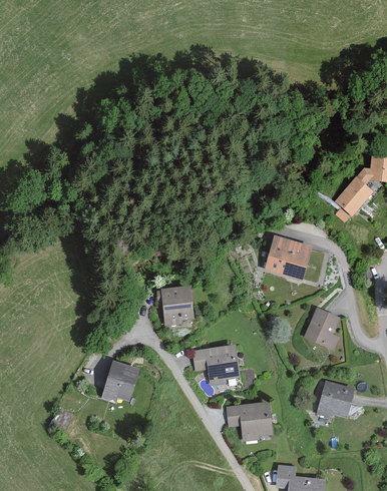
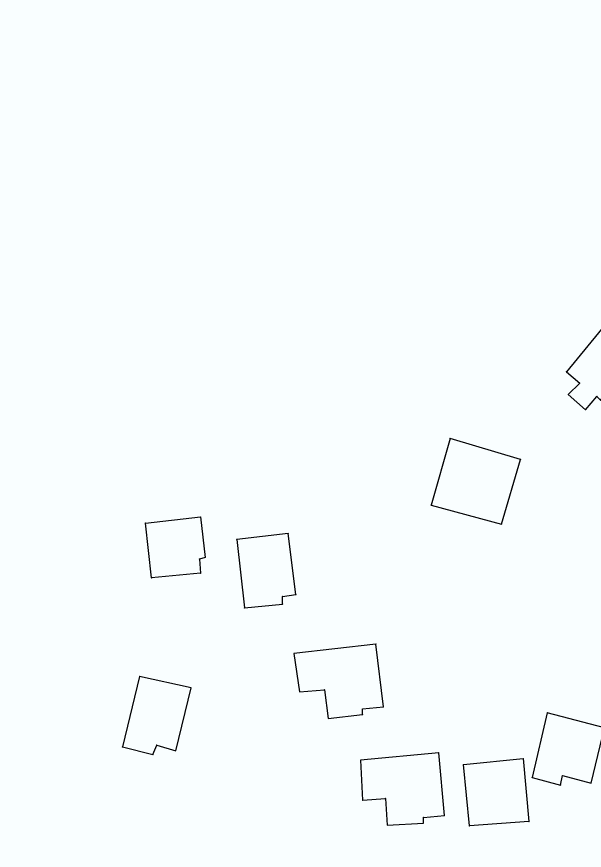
building: none -> [145,517,205,578]
building: [305,307,342,350] -> none
building: none -> [463,759,529,826]

